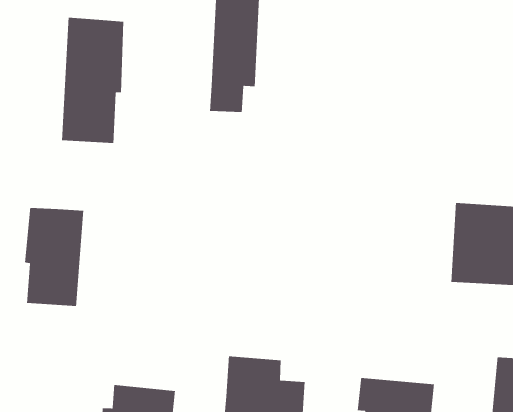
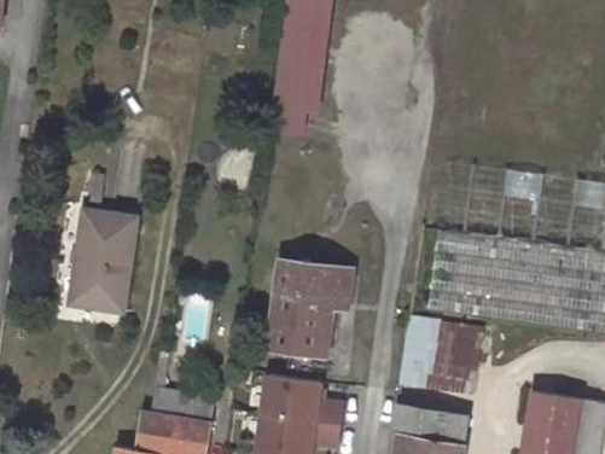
building: [61,17,124,144] -> none
building: none -> [431,232,504,318]
building: none -> [270,261,353,355]
building: none -> [401,320,484,394]

